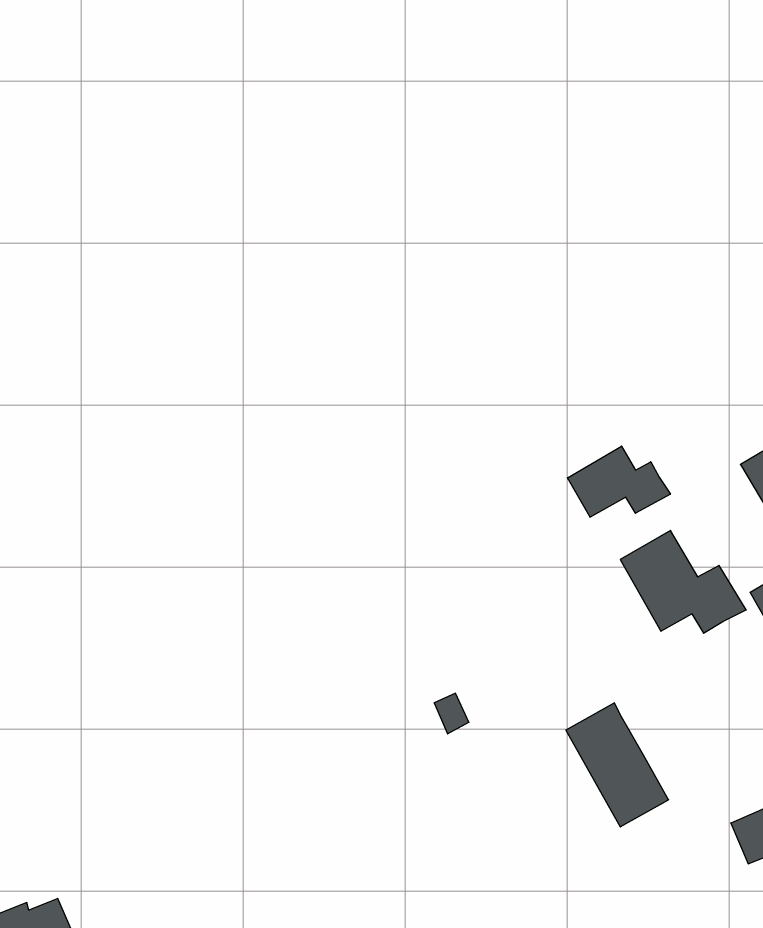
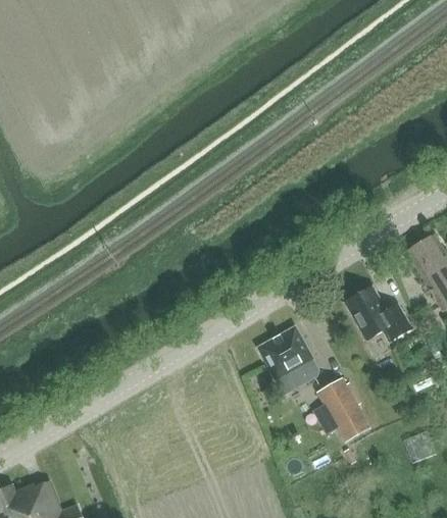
building: [567,446,670,517] -> none
building: none -> [258,326,318,395]

